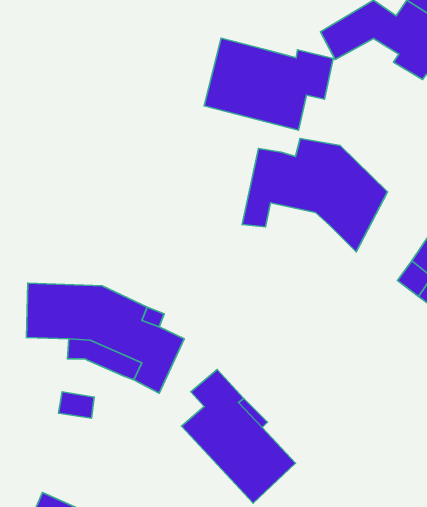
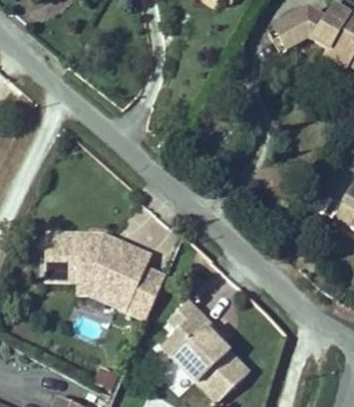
building: [204,38,333,130] -> none
building: [242,139,387,252] -> none

